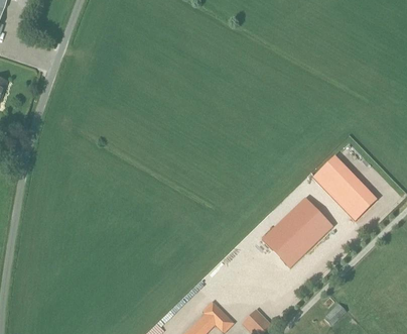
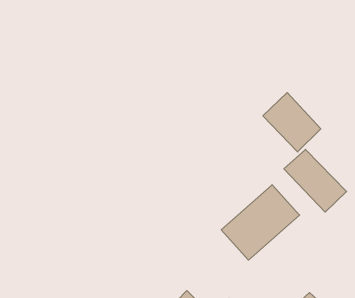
building: none -> [263,93,321,152]

